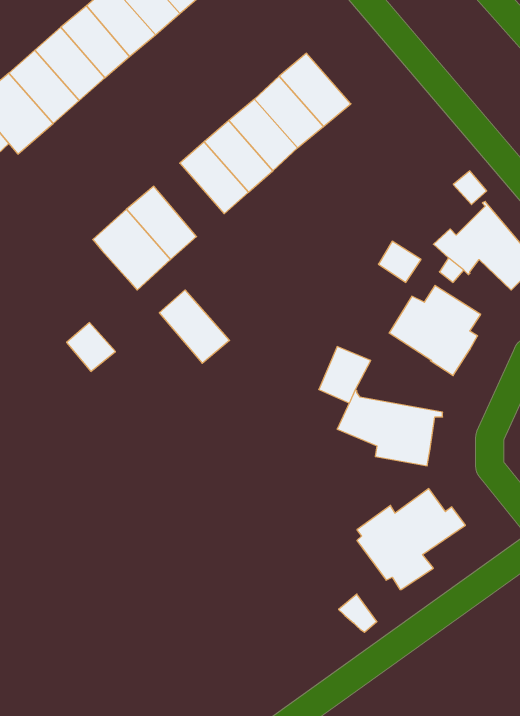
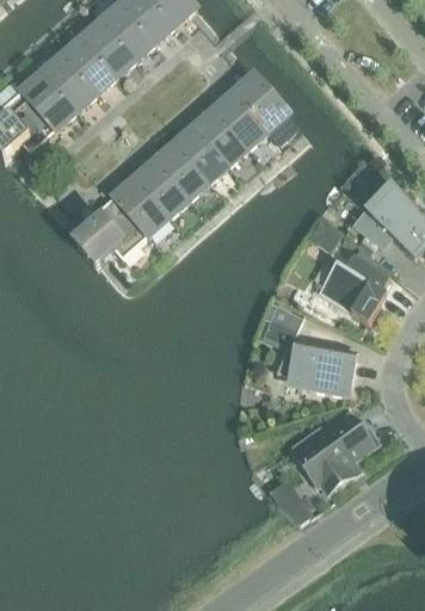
building: [159,290,230,363] -> [135,158,190,215]
building: [67,323,115,371] -> [76,226,115,264]

